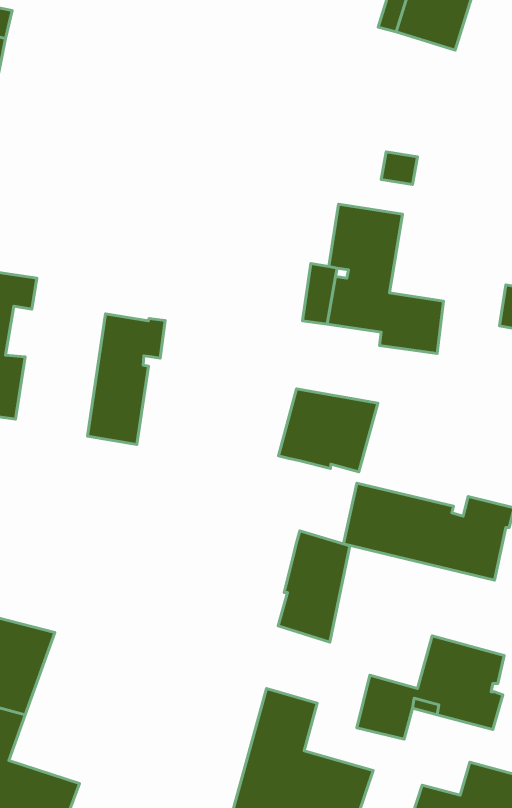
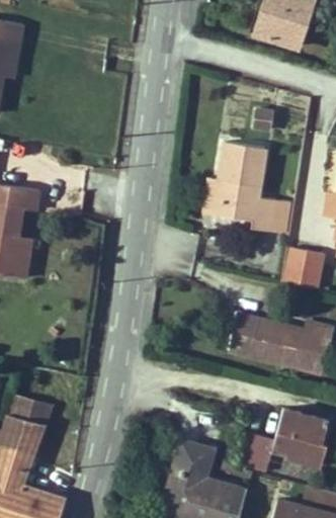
building: [88,314,165,445] -> none
building: none -> [286,248,323,289]
building: [278,389,378,472] -> none
building: [278,531,350,642] -> none

